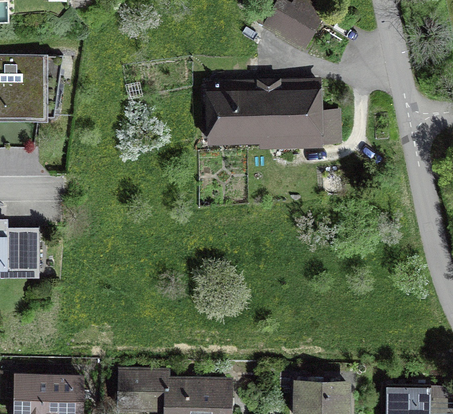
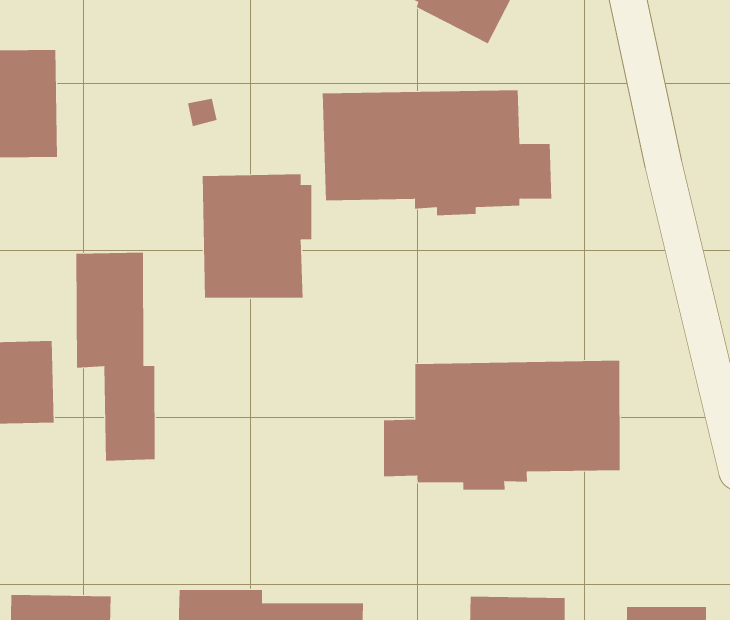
building: none -> [202,173,312,299]
building: none -> [76,252,155,461]
building: none -> [383,360,620,490]

